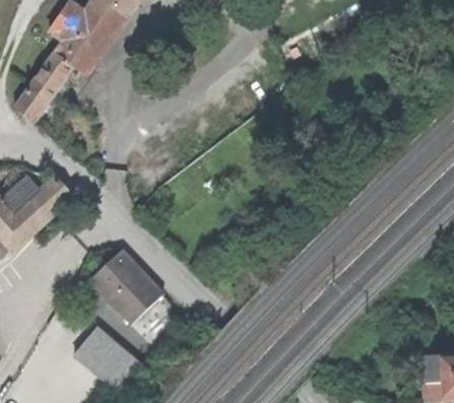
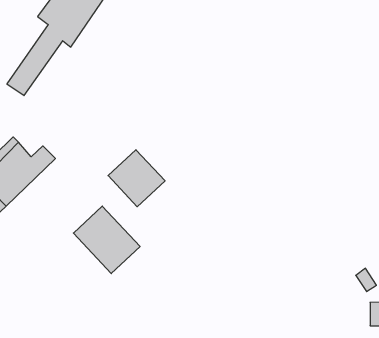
building: none -> [108,150,165,207]
building: [75,328,141,392] -> none

